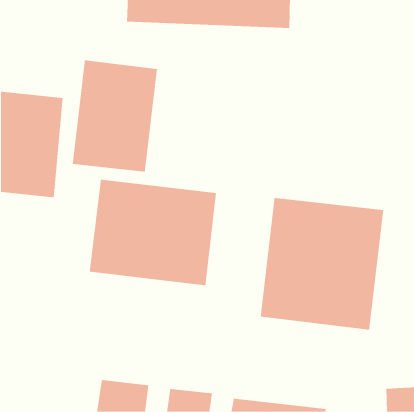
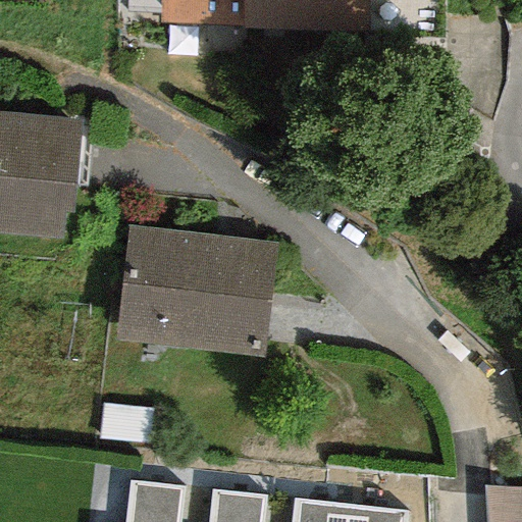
building: [72,60,157,173] -> none
building: [260,197,384,331] -> none

